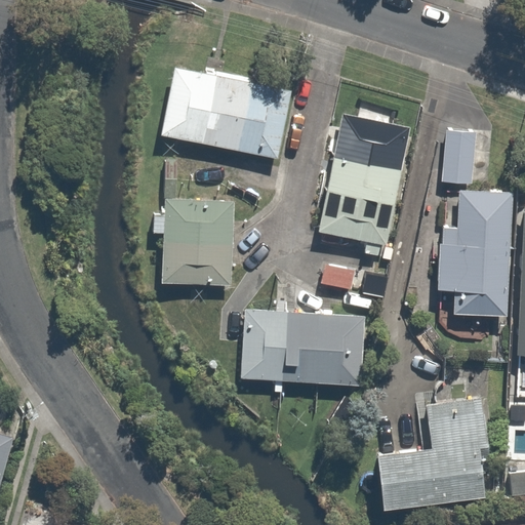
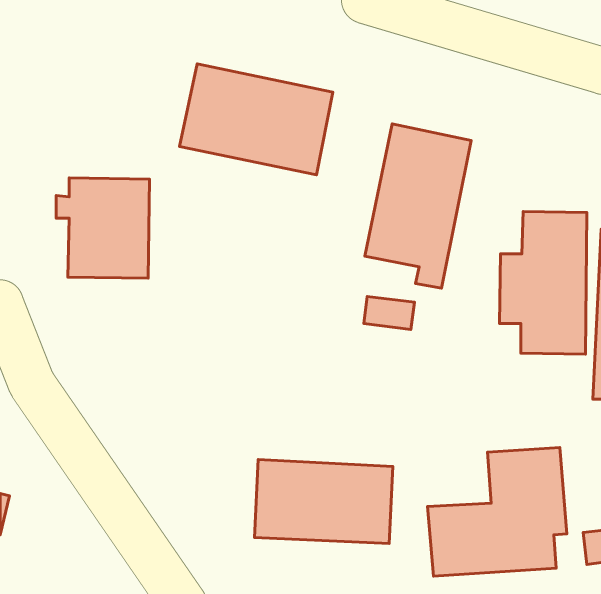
building: [442,130,477,185] -> none
building: [152,200,233,287] -> [56,178,149,278]
building: [242,311,362,383] -> [255,460,393,543]

